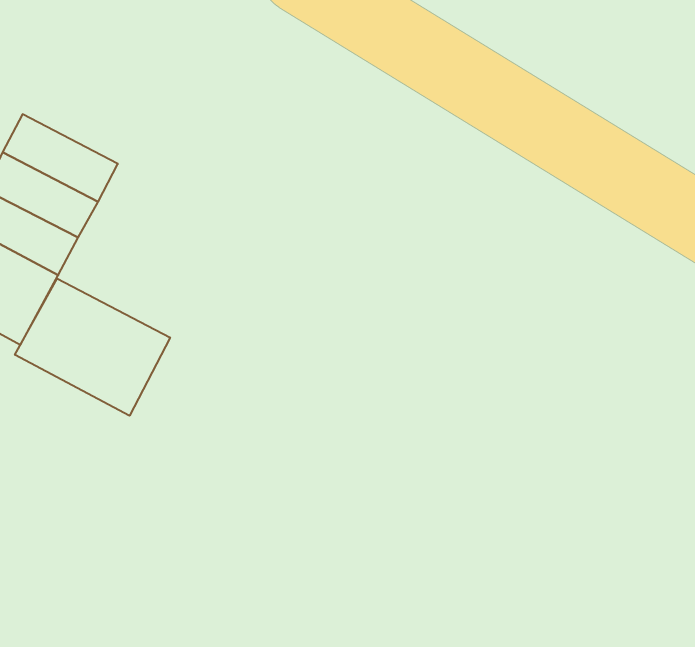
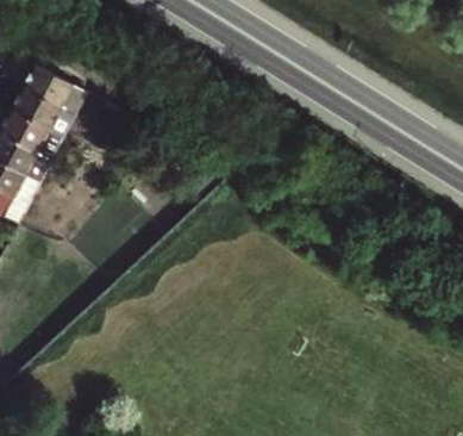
building: none -> [20,61,90,113]
building: [15,279,170,416] -> none

